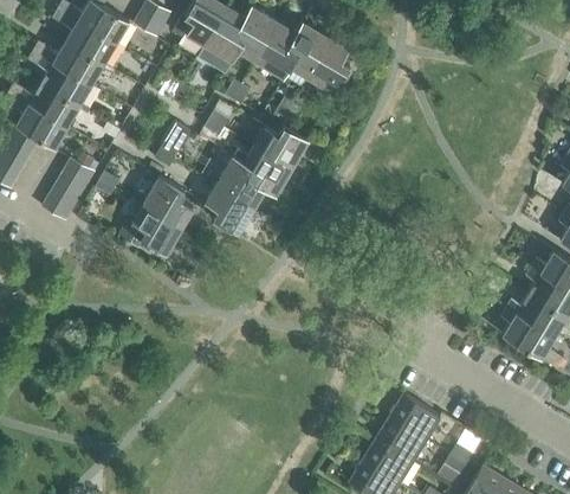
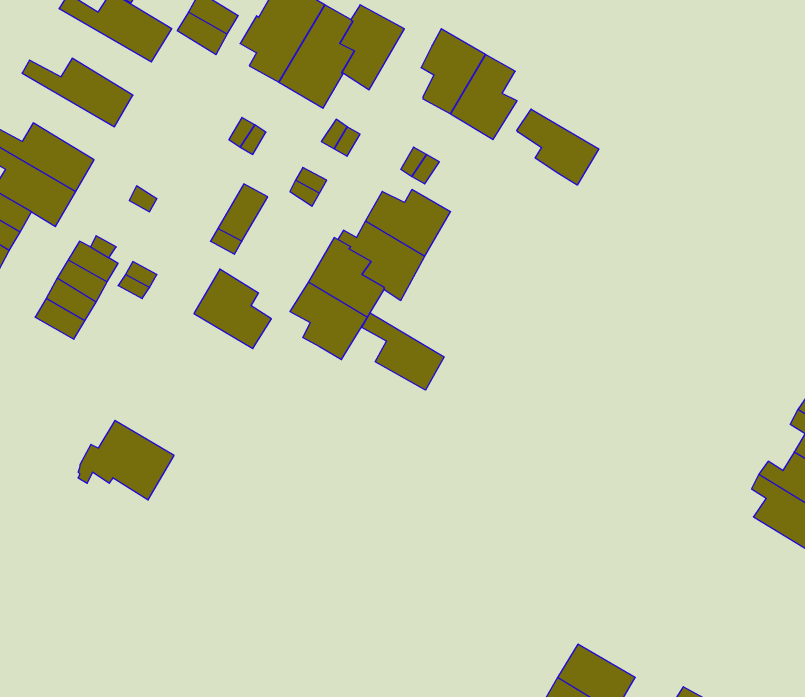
building: [52,9,116,65] -> none
building: [255,23,297,78] -> none
building: [27,51,92,107] -> none
building: none -> [517,109,599,185]
building: none -> [362,313,444,390]
building: [119,205,181,256] -> [78,420,174,500]
building: [389,394,440,438] -> none

